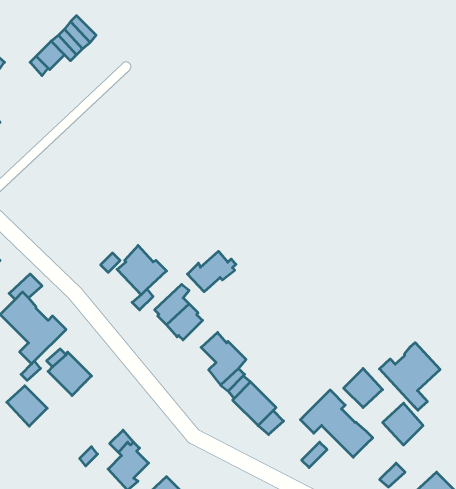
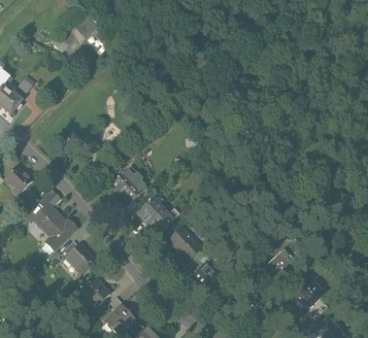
building: [187,251,236,292] -> none
building: [379,343,440,410] -> none
building: [7,386,47,426] -> [81,277,109,305]
building: [300,390,373,457] -> none

